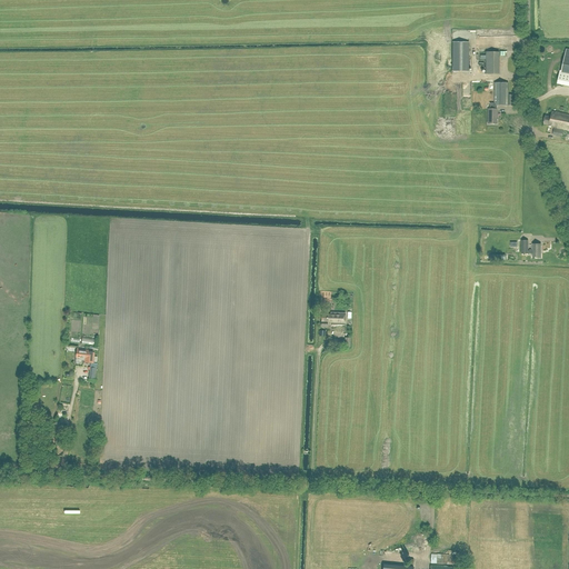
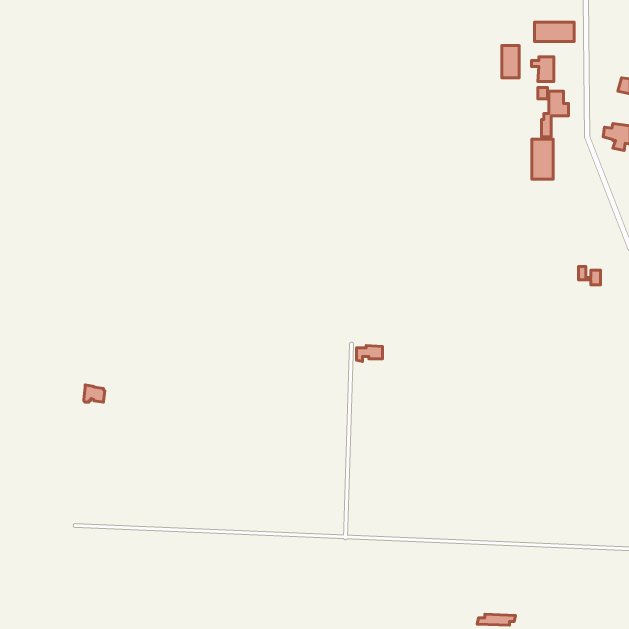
building: none -> [534,22,574,41]
building: none -> [532,139,553,179]

